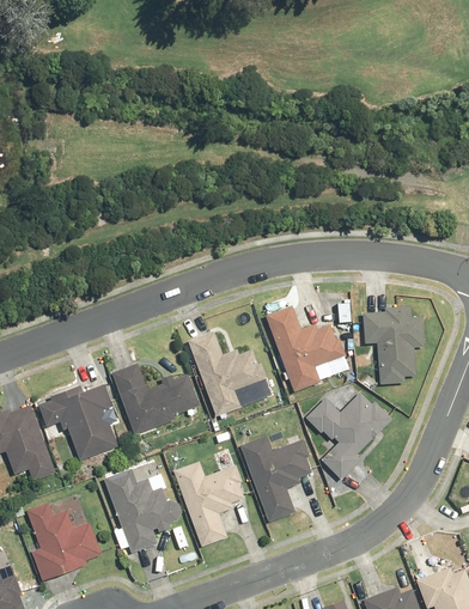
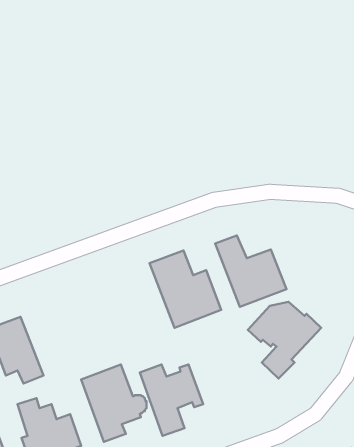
building: [361,305,422,385] -> none
building: [111,364,200,437] -> none
building: [37,383,117,462] -> none
building: [239,437,315,524] -> none

